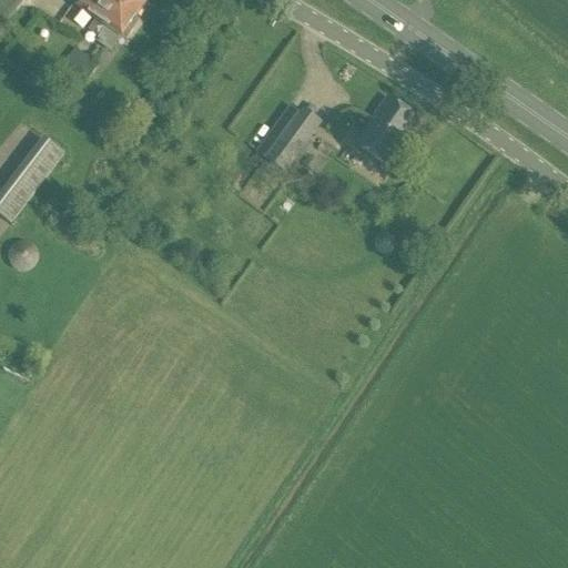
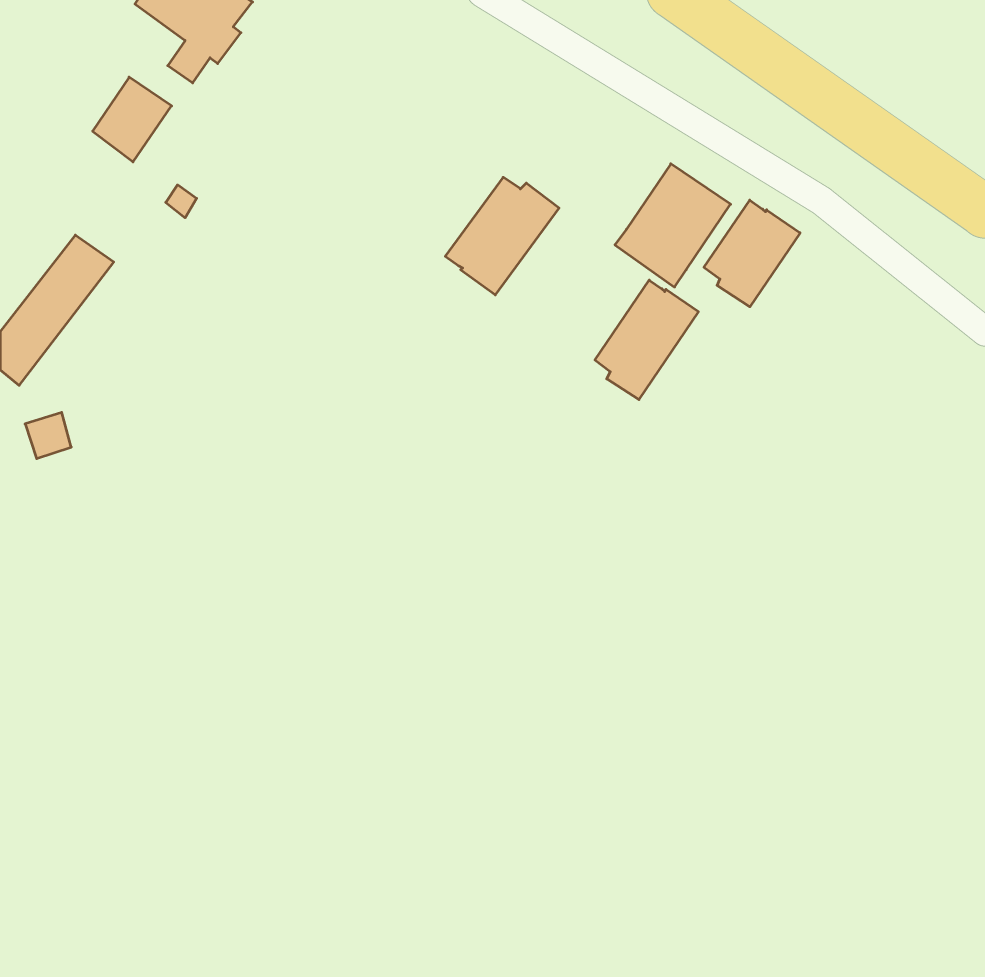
building: none -> [704,200,800,307]
building: none -> [595,280,698,400]

